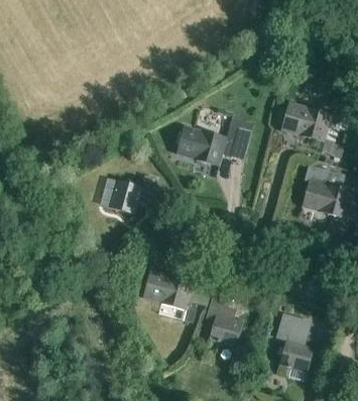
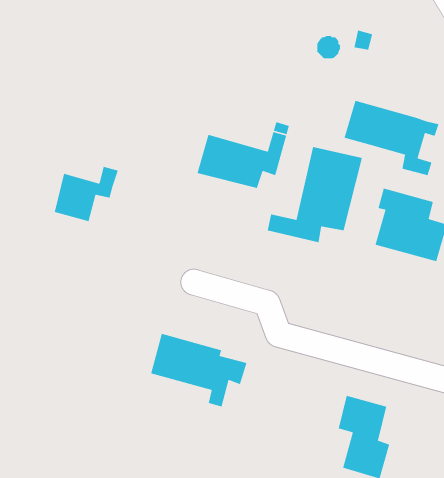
building: none -> [267,146,363,243]
building: [109,175,155,215] -> [54,166,119,222]
building: [209,297,243,348] -> none

